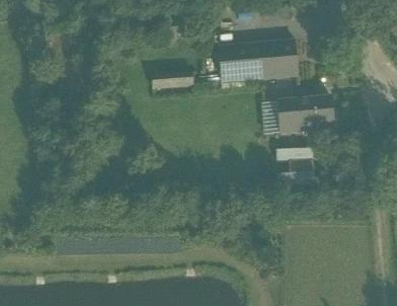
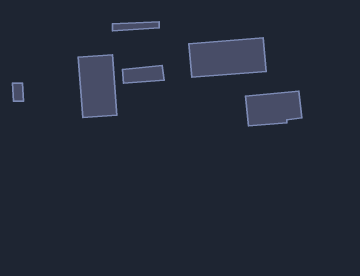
building: none -> [78,55,117,117]
building: [273,147,311,184] -> none

